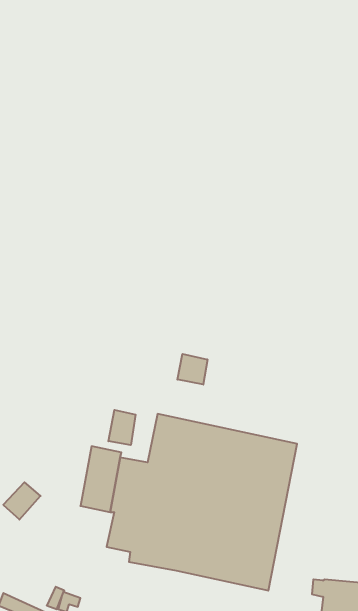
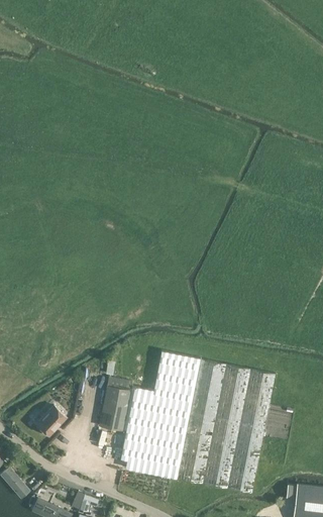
building: [177,354,207,385] -> none
building: [108,410,136,445] -> none

